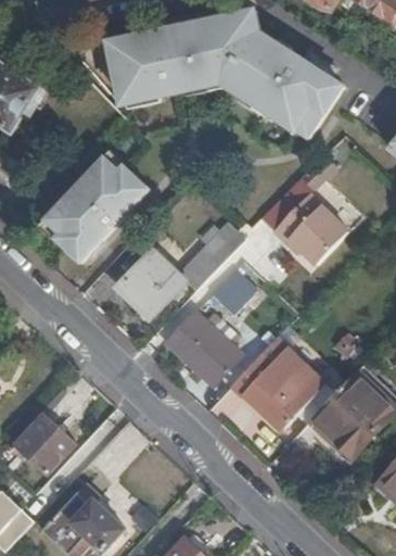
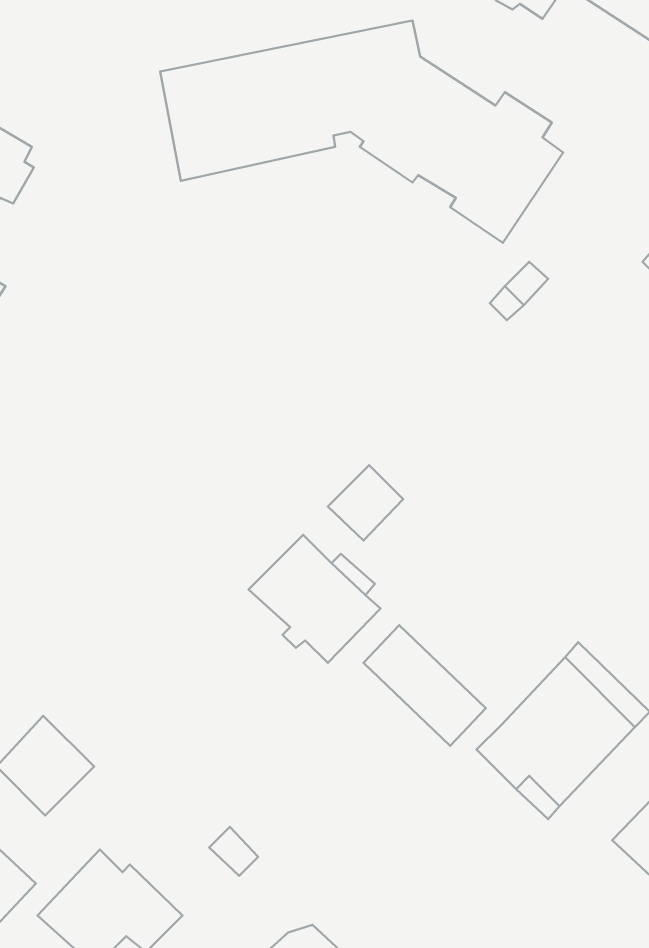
building: [43,155,150,263] -> none
building: [271,188,349,264] -> none
building: [115,220,245,315] -> none
building: [250,337,324,409] -> none

